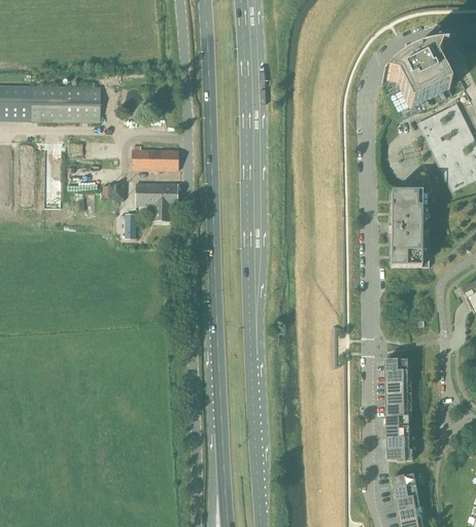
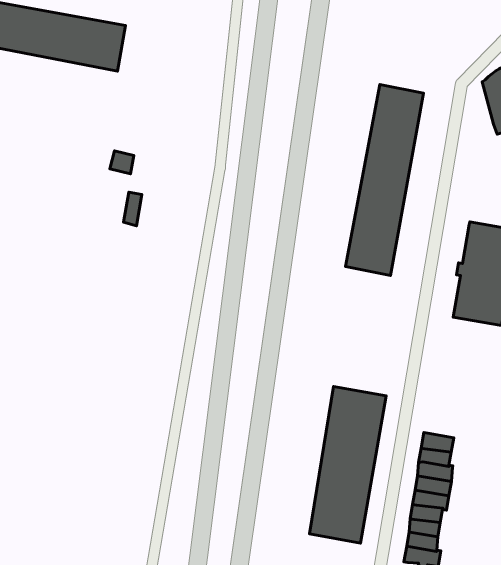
building: none -> [346,84,423,275]
building: [132,148,178,170] -> none
building: [135,182,177,219] -> none
building: none -> [309,386,386,543]

